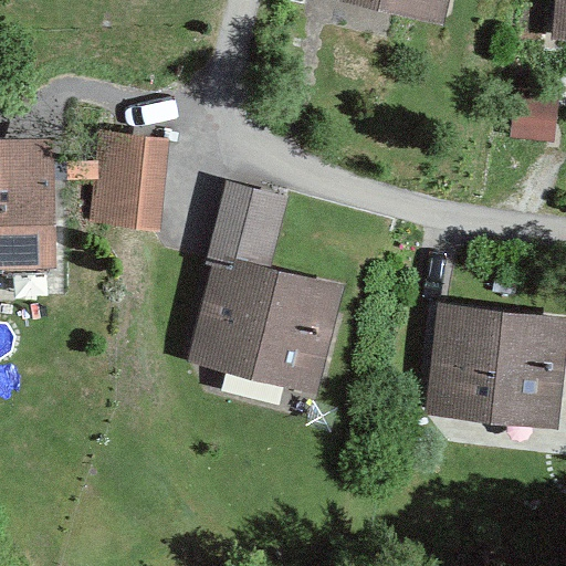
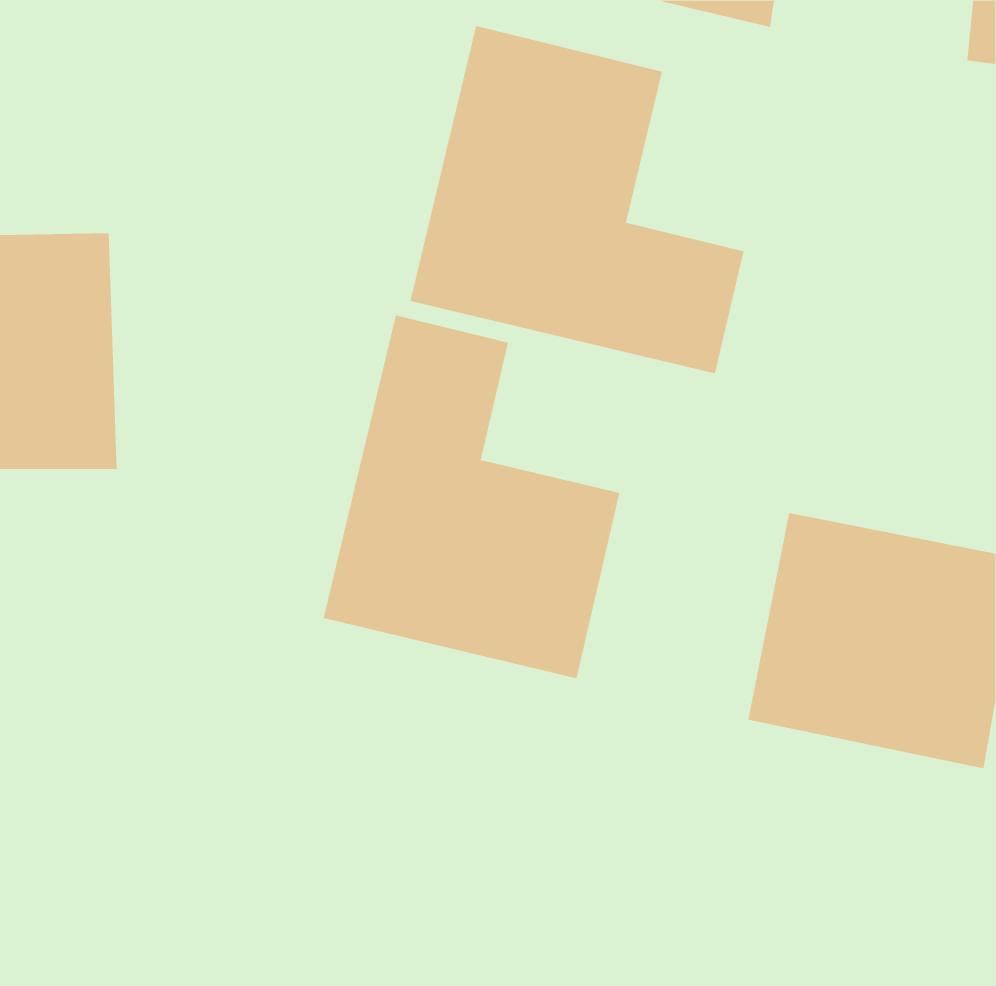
building: none -> [410,25,744,374]
building: [92,128,167,226] -> none

